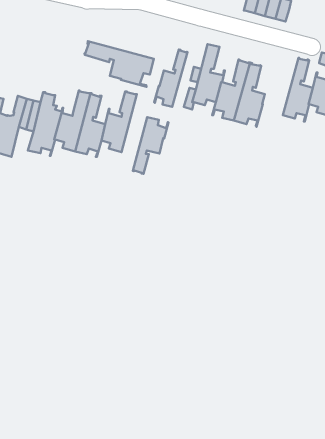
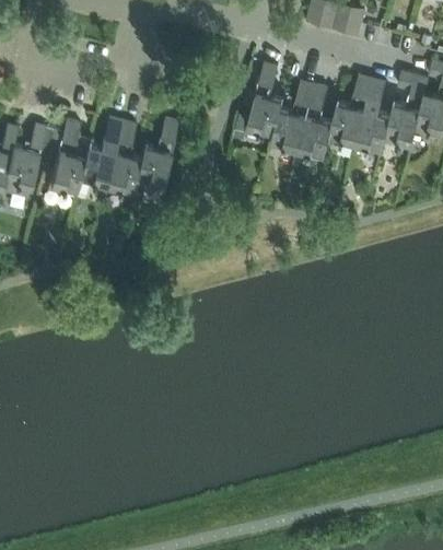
building: [84,41,154,87] -> none
building: [154,50,188,107] -> none
building: none -> [330,72,374,145]
building: [133,117,168,174] -> none

